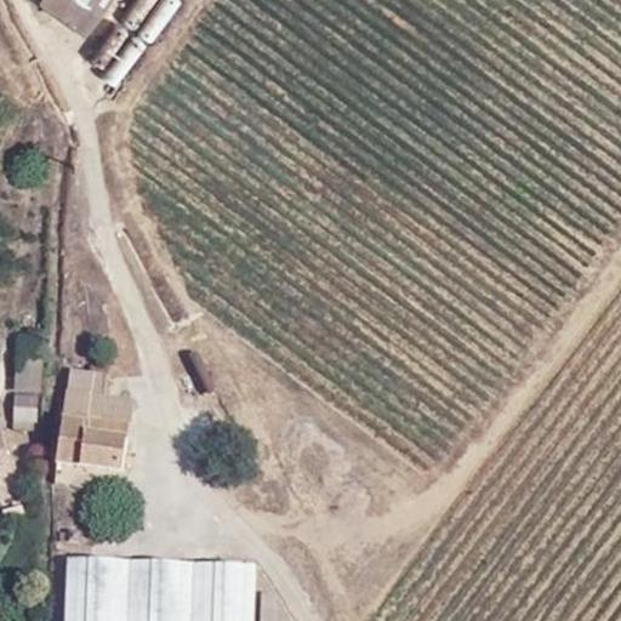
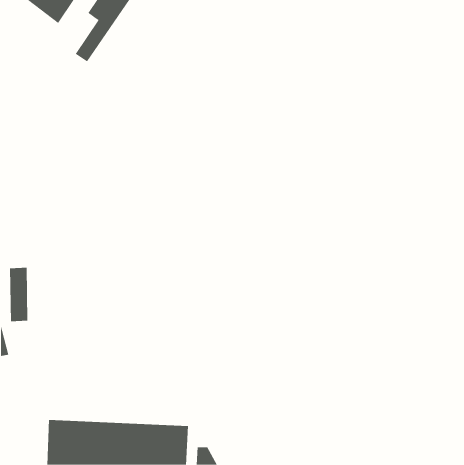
building: [53,366,131,473] -> none

